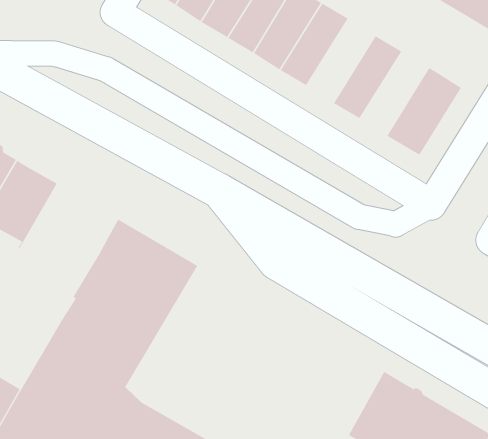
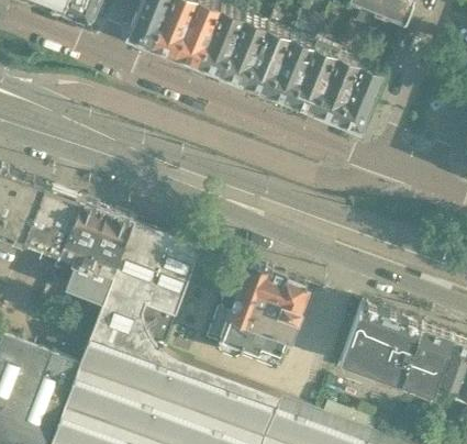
building: none -> [263,36,310,104]
building: none -> [309,55,356,123]
building: none -> [55,203,132,309]
building: none -> [218,266,307,370]

